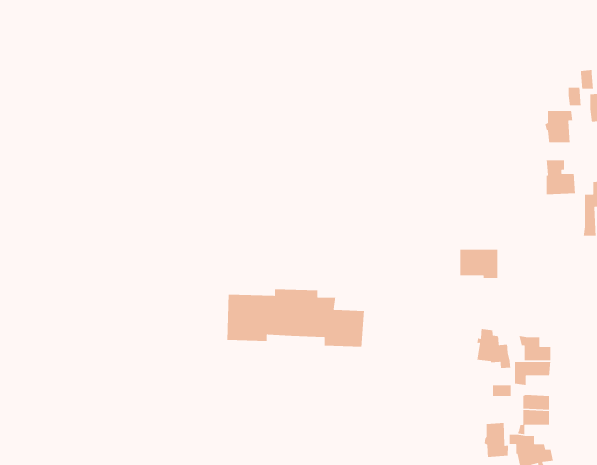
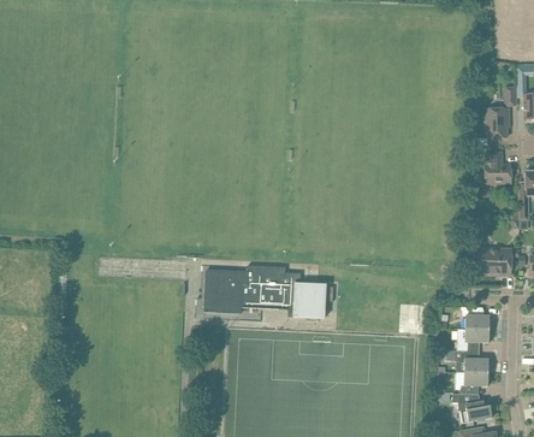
building: [460,249,498,279] -> [477,248,511,274]
building: [477,328,511,369] -> none
building: [484,422,509,458] -> none

